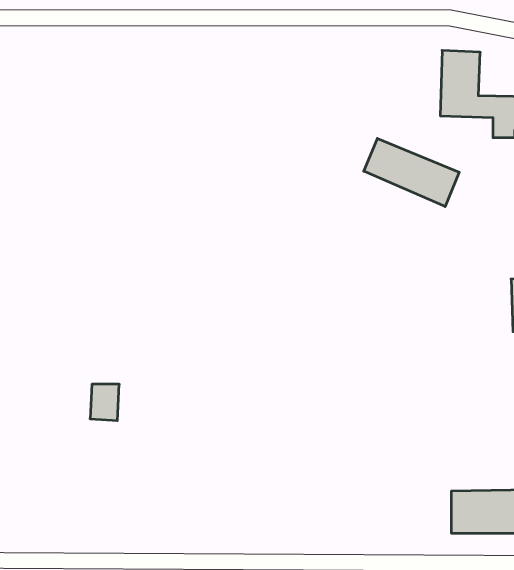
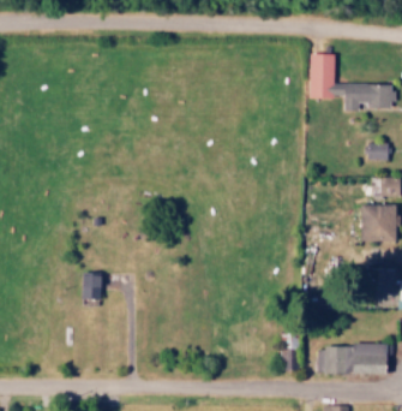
building: [364,138,459,207] -> none

